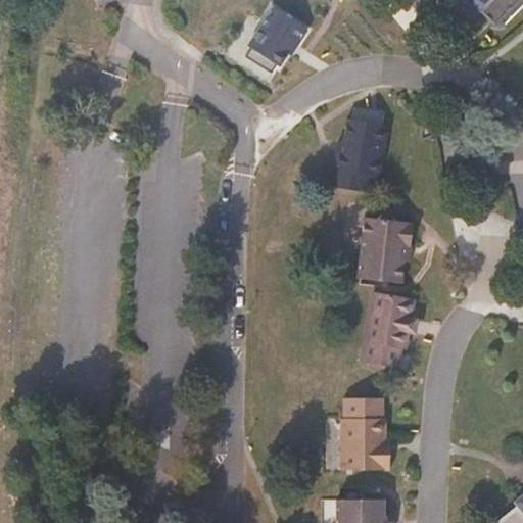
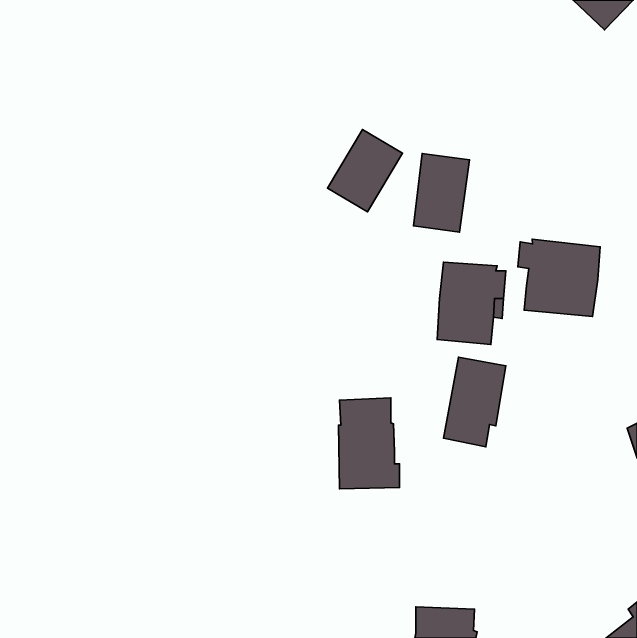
building: [242,9,303,77] -> [328,129,403,212]
building: none -> [518,239,600,317]
building: [341,397,391,472] -> [338,398,400,489]

